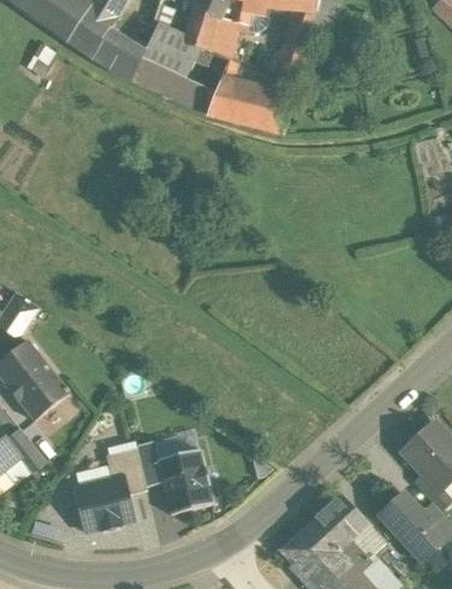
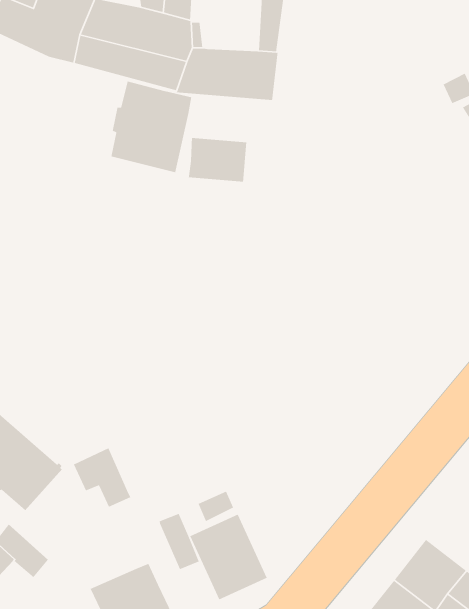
building: none -> [111,81,192,173]
building: none -> [188,137,247,183]
building: [105,447,146,494] -> [73,447,131,508]

